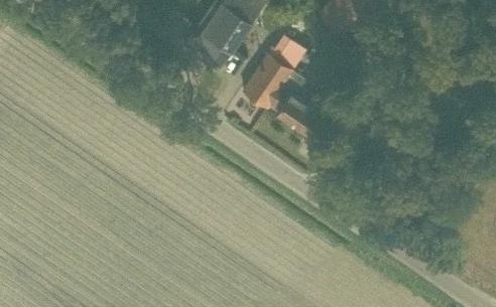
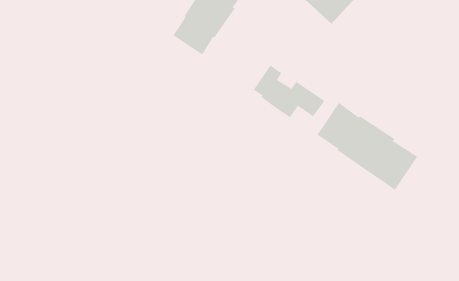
building: [240,36,303,110] -> none
building: none -> [316,102,418,191]

